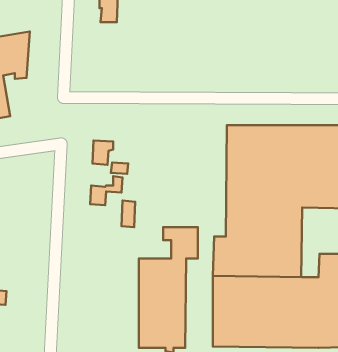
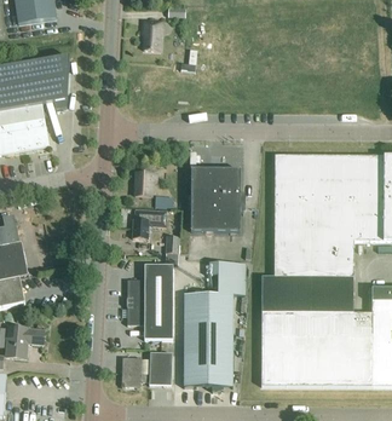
building: none -> [190,168,244,231]
building: none -> [126,265,172,339]
building: none -> [120,352,172,386]

